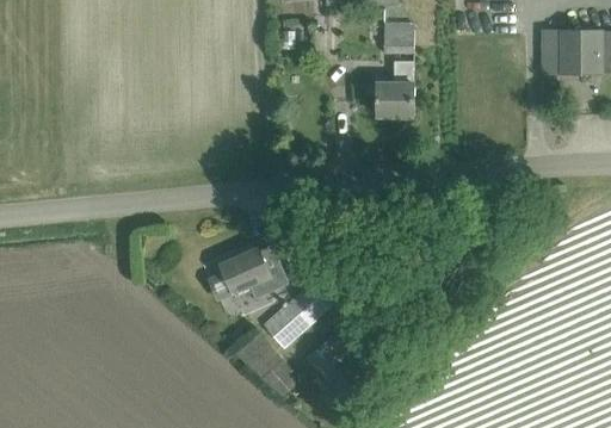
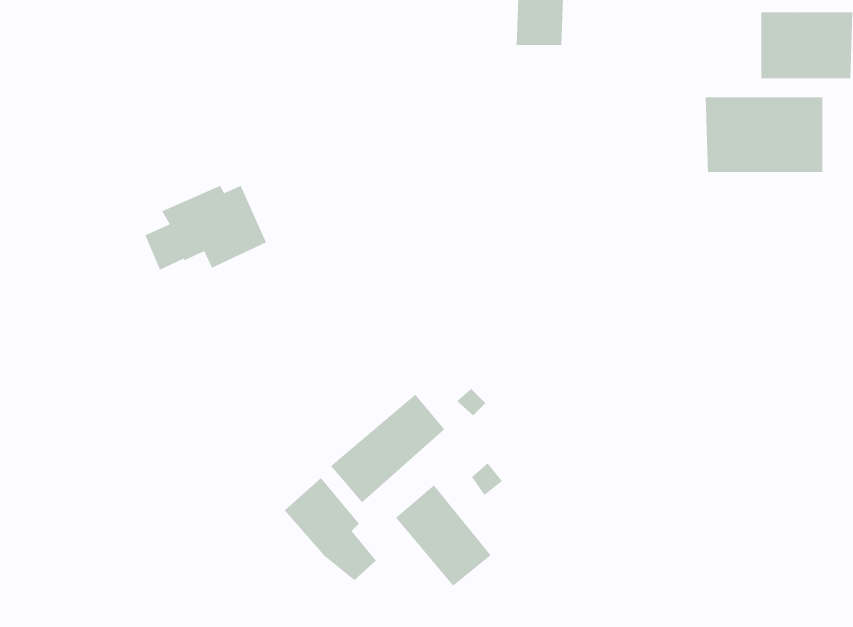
building: [377,61,414,116] -> none
building: none -> [705,96,823,173]
building: [209,247,288,302] -> [145,185,267,270]

